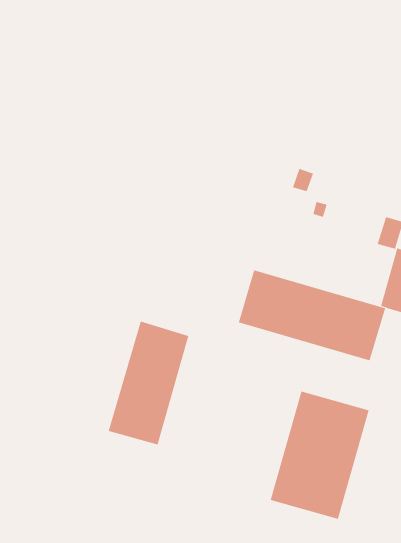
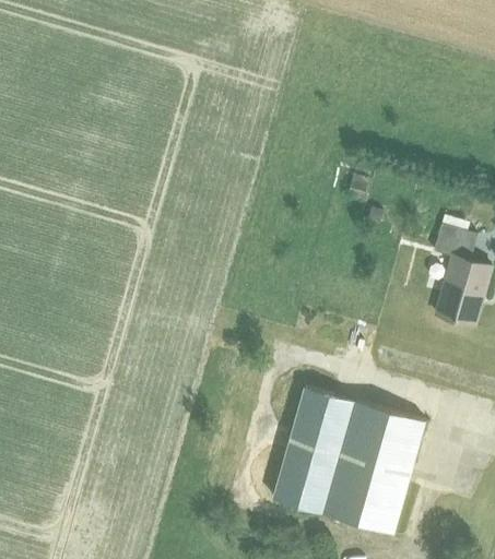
building: [238,270,386,361] -> none
building: [108,321,189,445] -> [272,388,355,514]

